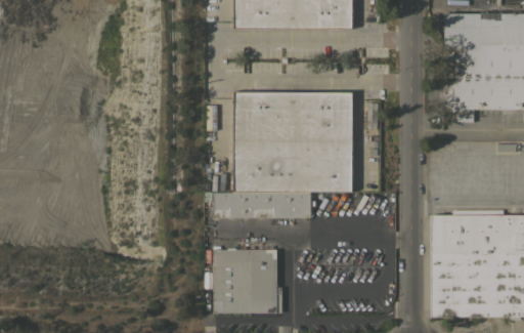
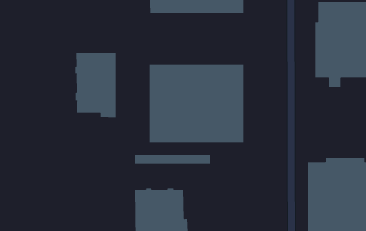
building: none -> [75,52,116,118]
building: [215,191,312,205] -> none

